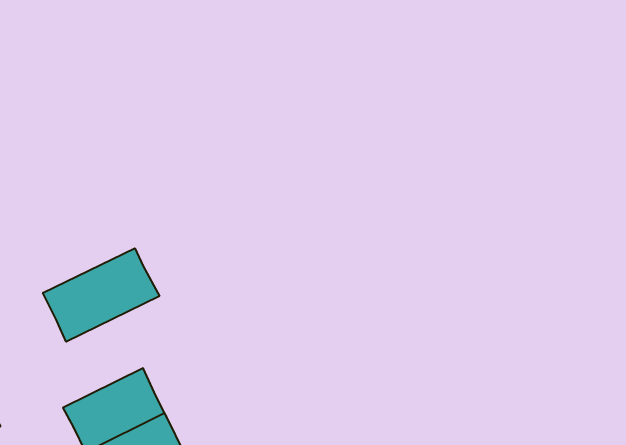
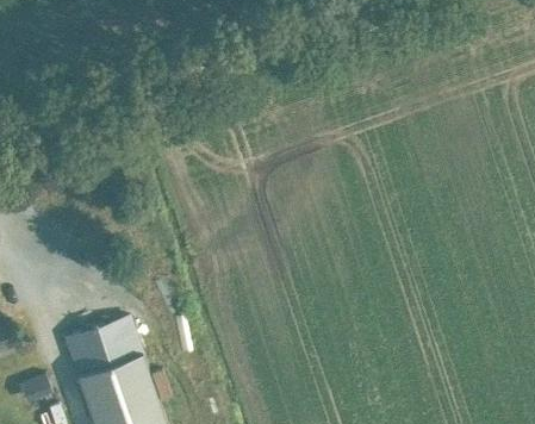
building: [43,248,159,342] -> none

